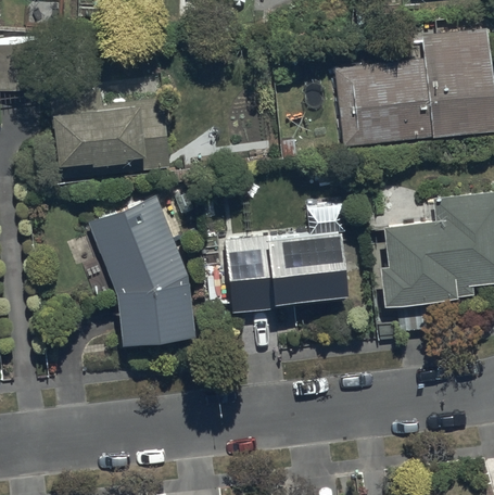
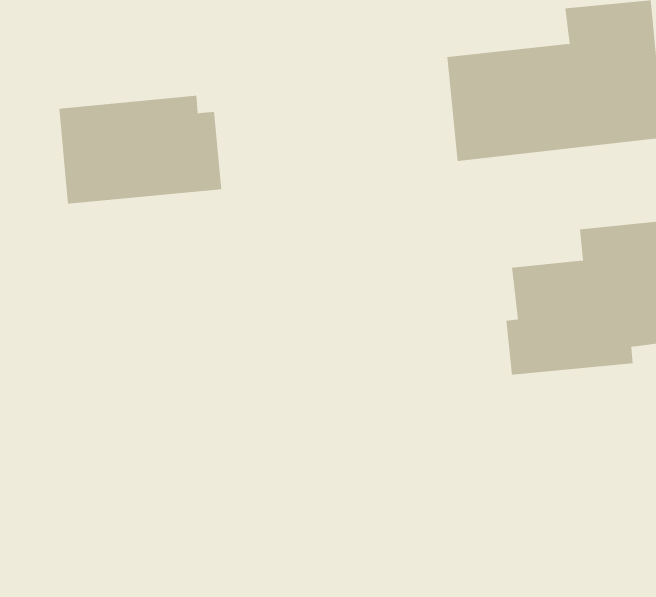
building: [89,196,193,341] -> none
building: [204,227,346,314] -> none

